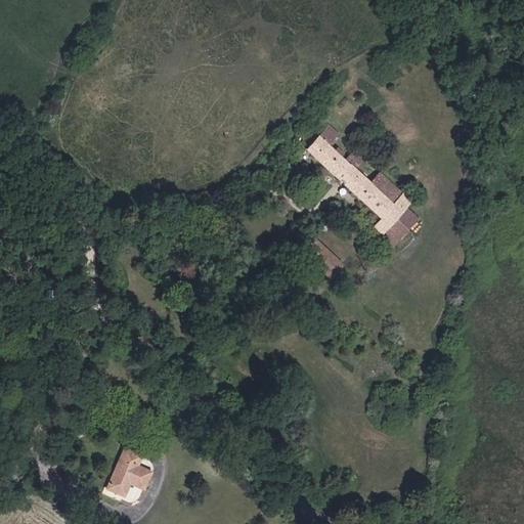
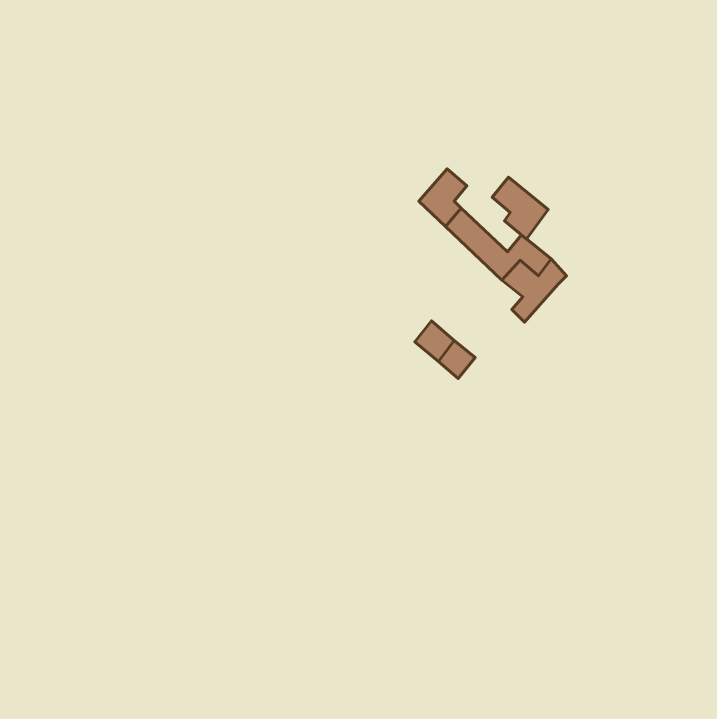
building: none -> [492,177,548,239]
building: [383,207,419,245] -> none
building: [106,454,149,499] -> none

